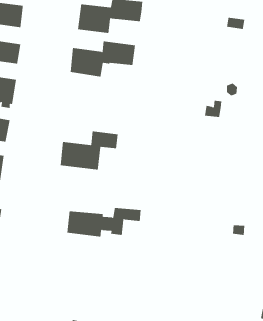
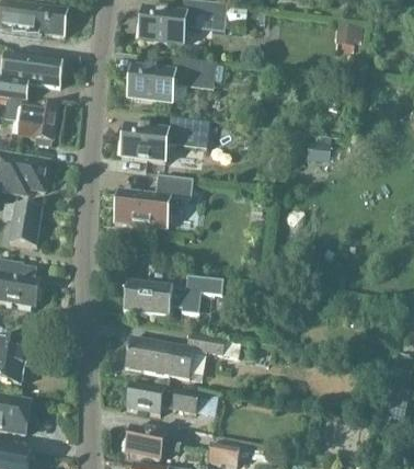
building: none -> [120,116,209,163]
building: none -> [124,332,241,379]
building: none -> [126,382,200,414]

